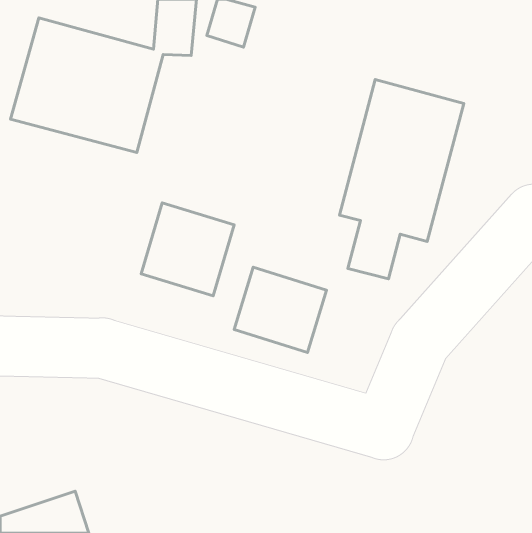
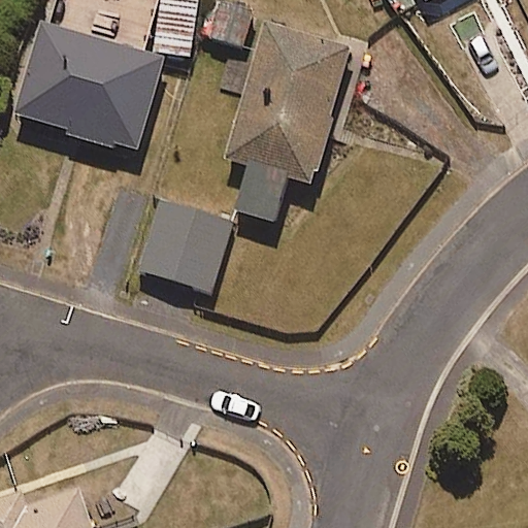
building: [339,79,464,279] -> [227,23,350,220]
building: [234,267,327,352] -> none

